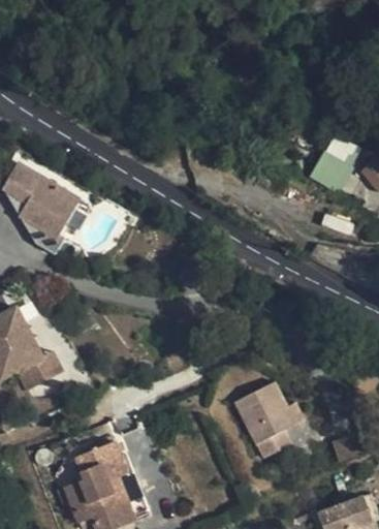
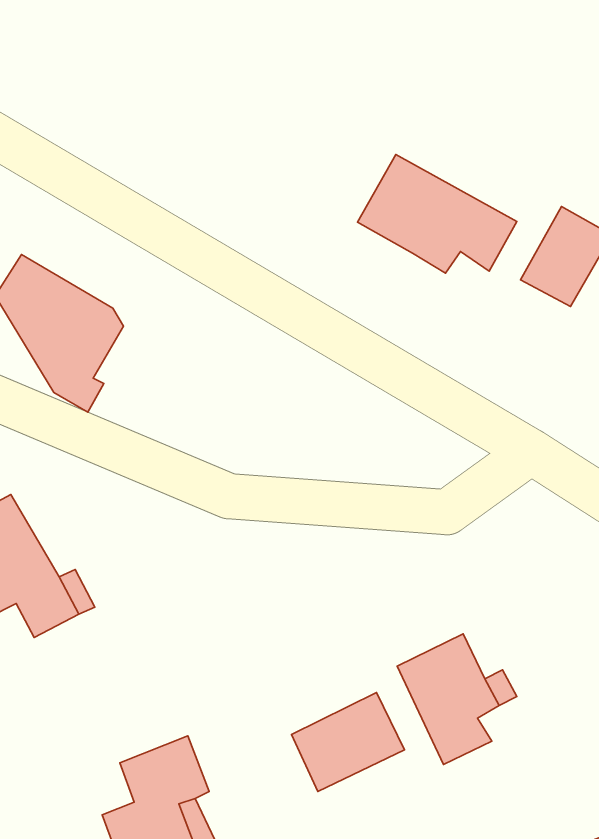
building: none -> [357,155,517,273]
building: none -> [292,692,405,792]

